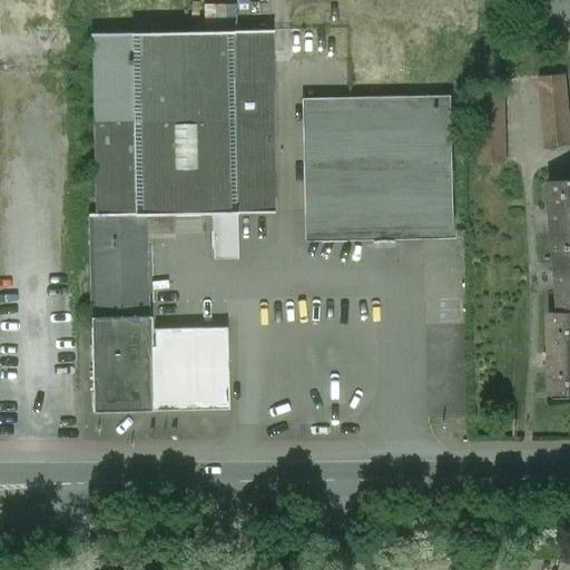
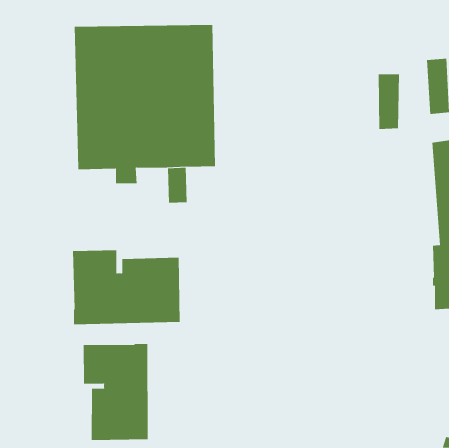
building: [309,97,454,234] -> none
building: [90,213,149,317] -> none
building: none -> [83,343,148,441]

